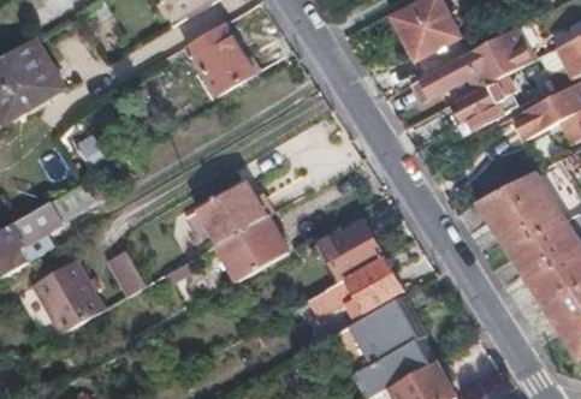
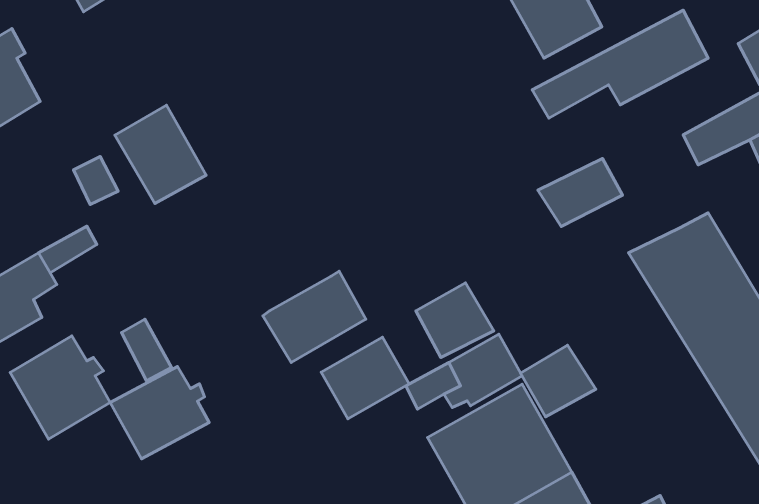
building: [188,24,254,95] -> [115,105,206,203]
building: [450,84,511,133] -> [538,158,622,227]
building: [197,184,261,243] -> [321,337,409,419]
building: none -> [521,345,596,417]
building: none -> [110,366,209,459]

